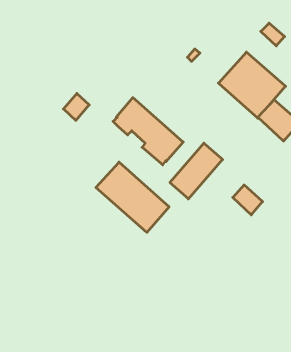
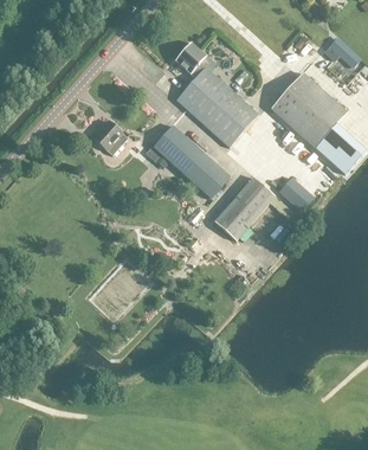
building: none -> [174,41,258,147]
building: [96,162,169,232] -> none
building: [233,185,263,215] -> [278,176,312,211]

